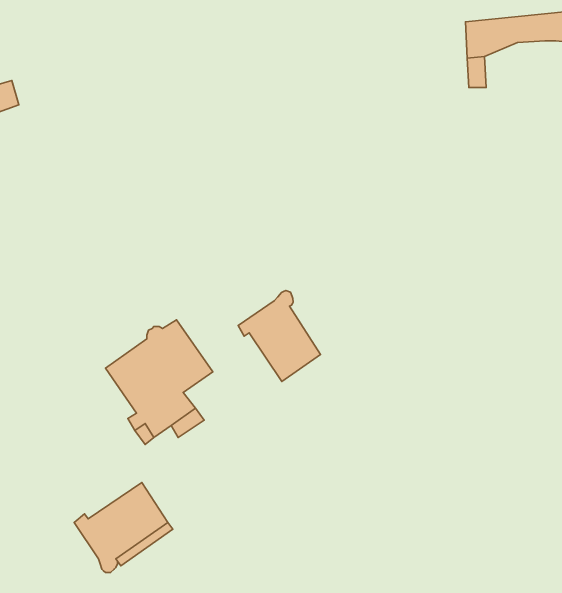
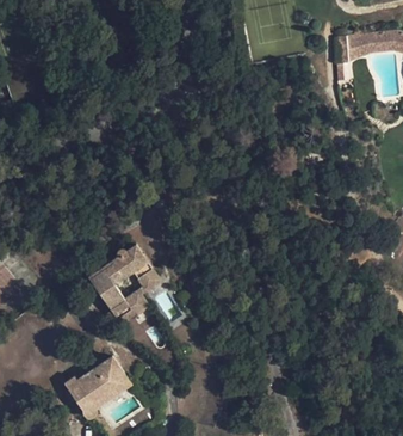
building: [238,291,321,382] -> none

